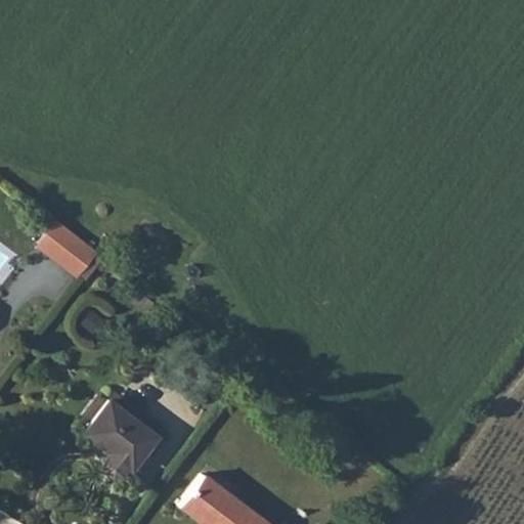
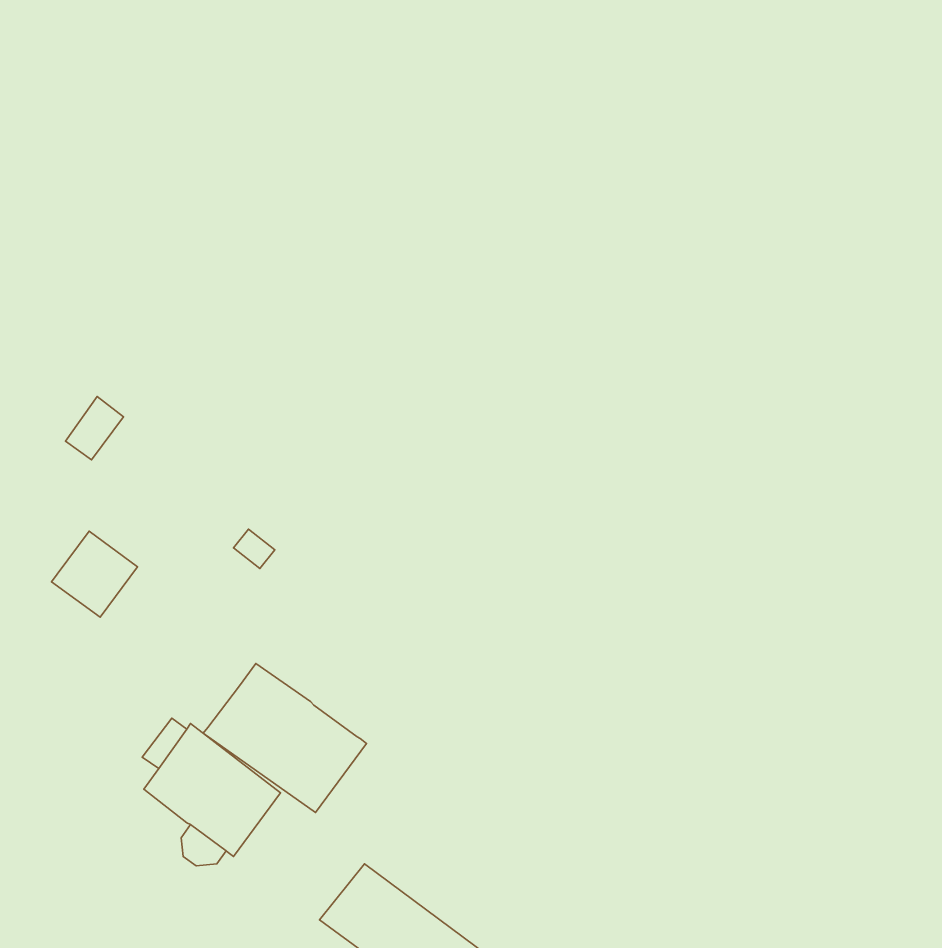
building: [54,232,101,279] -> [52,531,138,617]
building: none -> [203,664,366,813]

